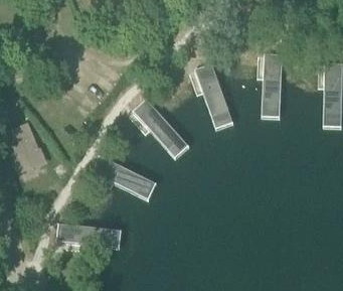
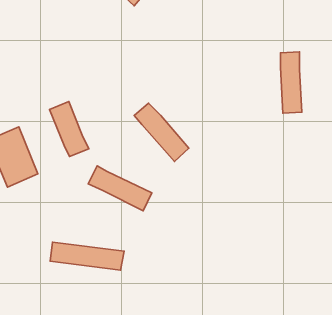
building: [195,63,229,120] -> none
building: none -> [49,101,89,157]

